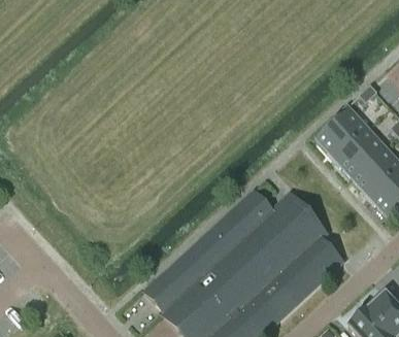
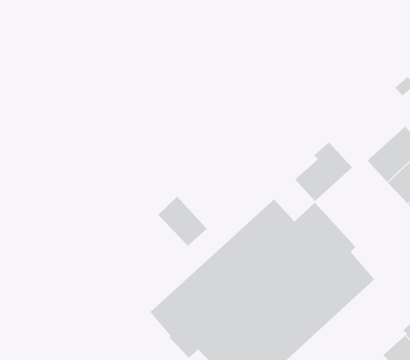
building: [317,105,367,158] -> [294,141,353,202]
building: none -> [158,196,207,247]

